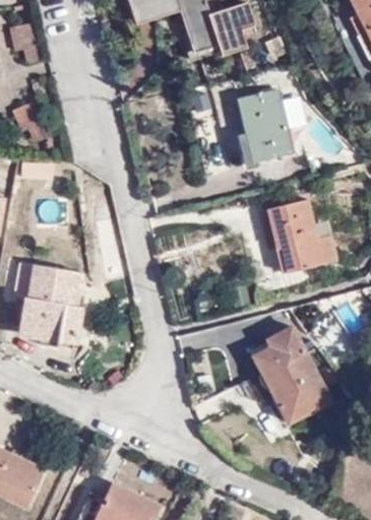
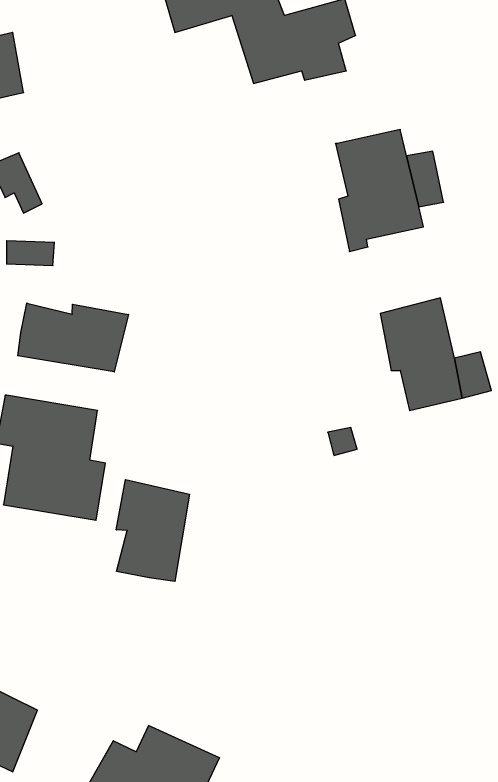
building: none -> [18,303,128,372]
building: none -> [116,480,189,581]
building: [251,328,328,422] -> none

